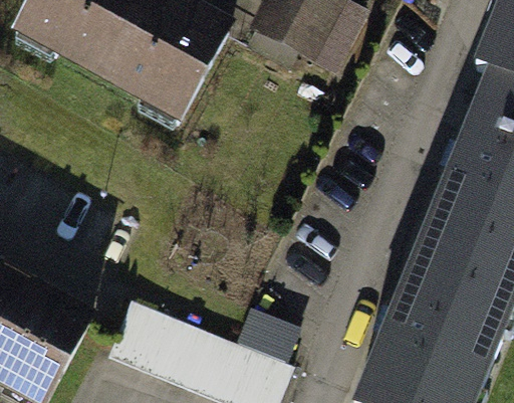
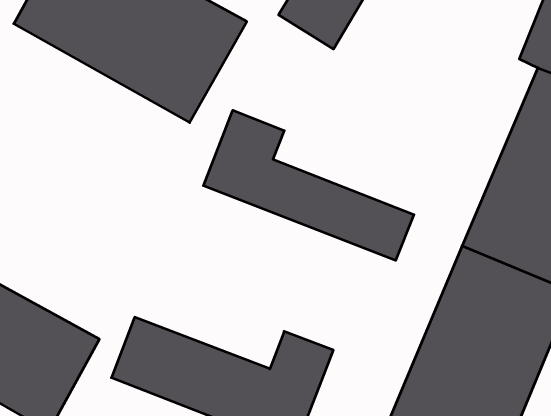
building: none -> [203,110,414,260]

